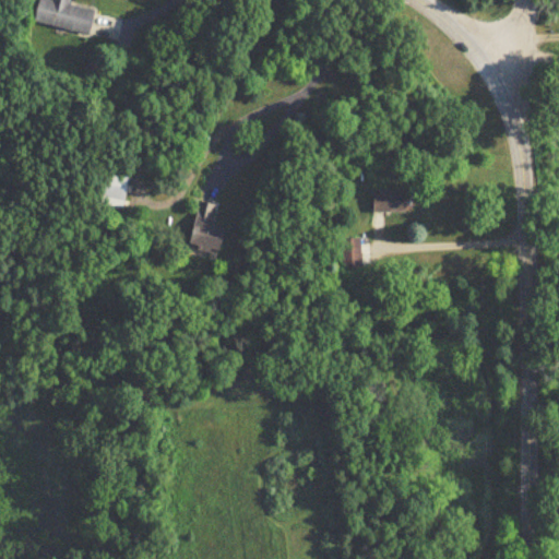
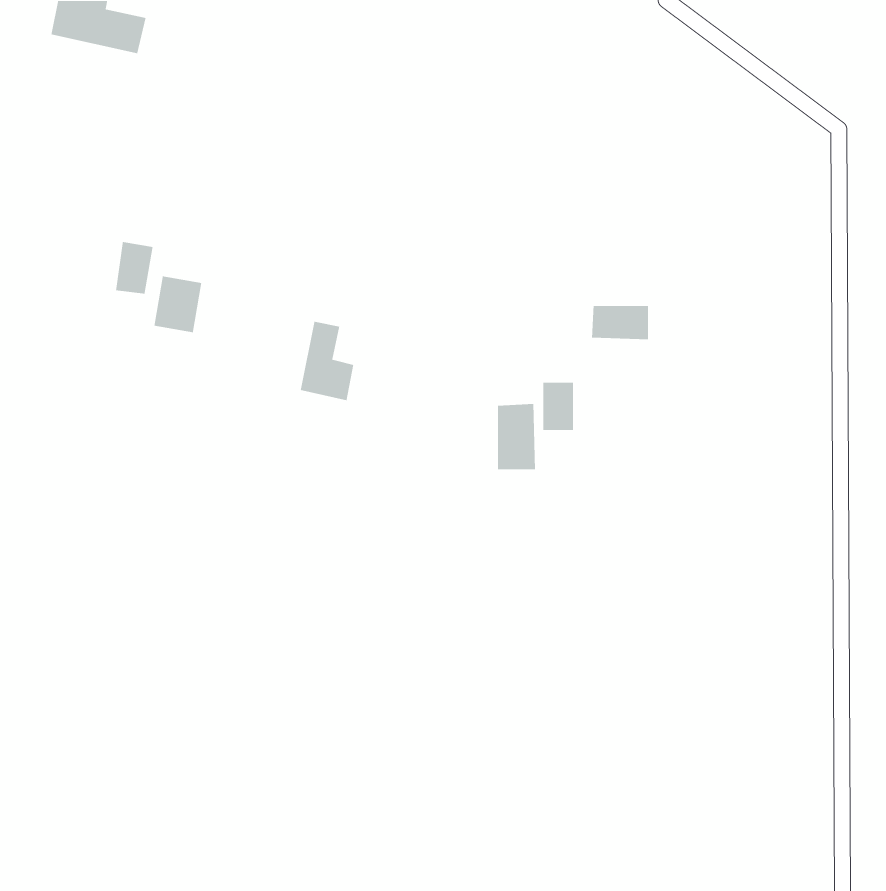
building: none -> [115,241,153,294]
building: none -> [497,403,536,470]

